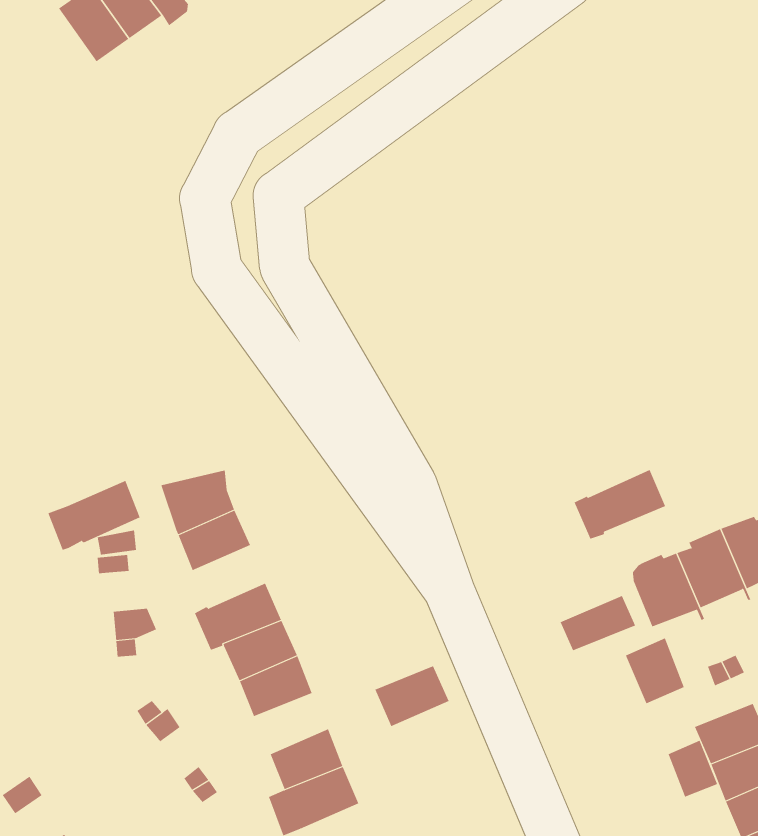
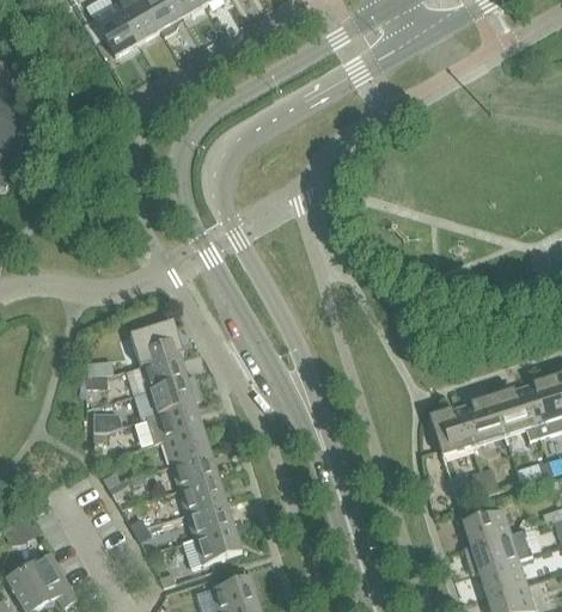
building: [574,469,666,540] -> none
building: [48,480,140,551] -> [133,378,193,420]
building: [560,595,636,651] -> none
building: [625,637,685,704] -> none
building: [375,666,450,727] -> [177,477,225,514]
building: [668,740,718,797] -> none

